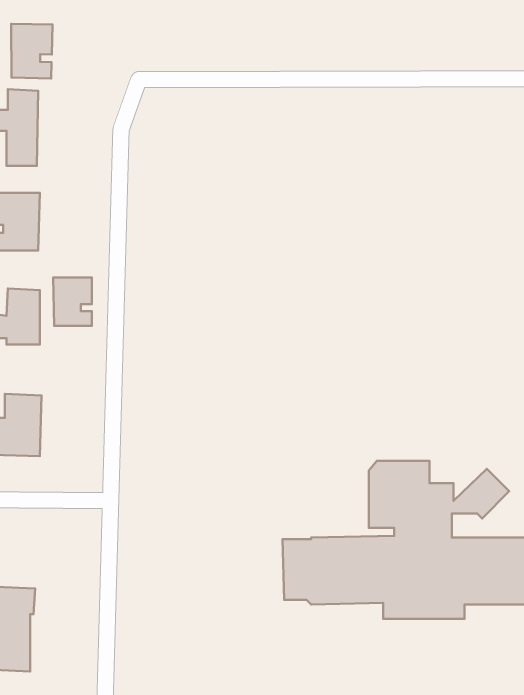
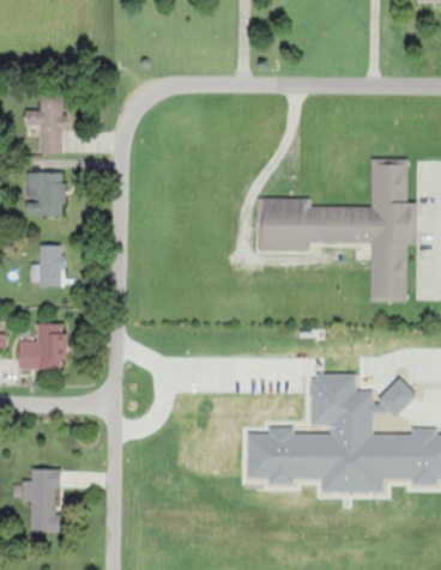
building: [11,24,52,79] -> none
building: none -> [256,159,416,301]
building: [53,277,92,326] -> none

